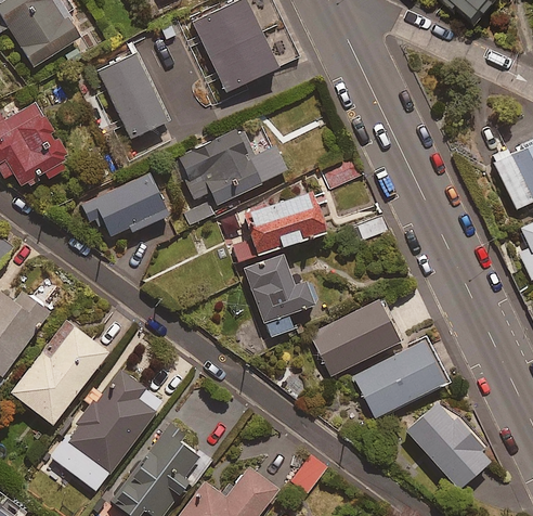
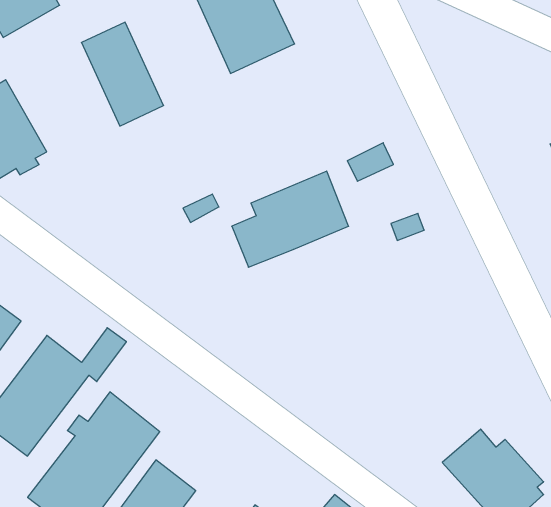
building: [176,128,286,204] -> none
building: [81,170,167,234] -> none
building: [242,249,313,340] -> none
building: [311,299,400,376] -> none
building: [354,338,446,417] -> none

